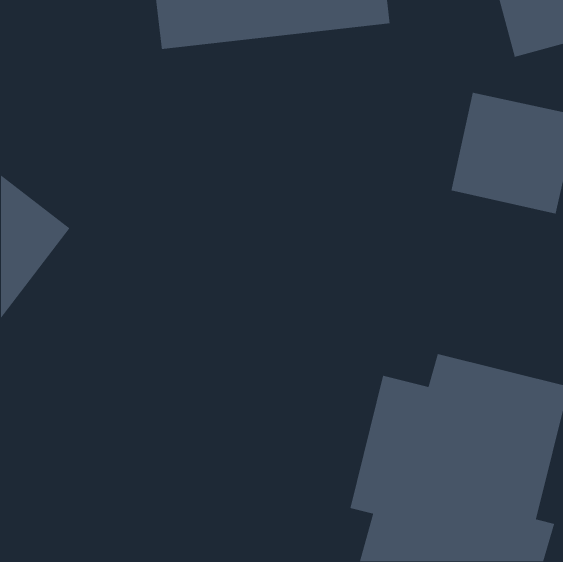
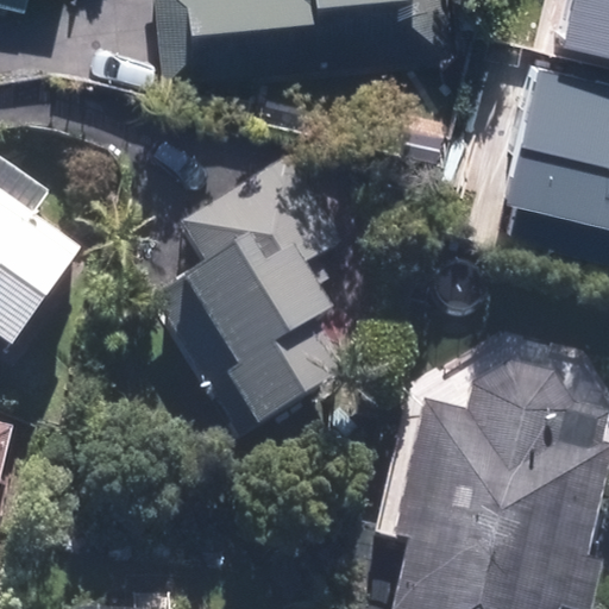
building: none -> [159,226,343,437]

